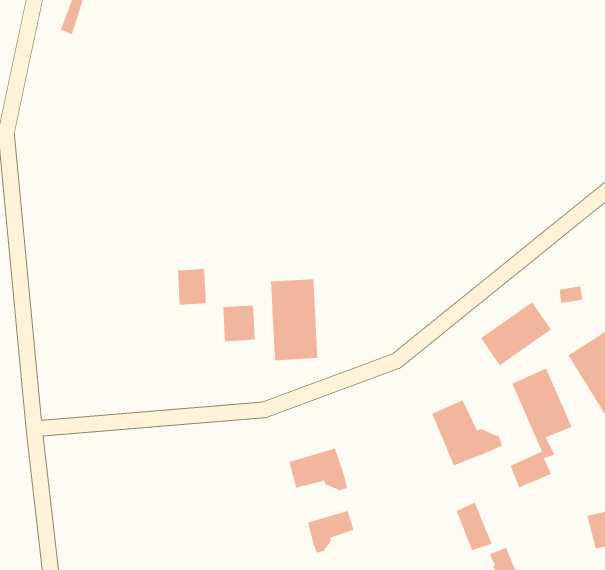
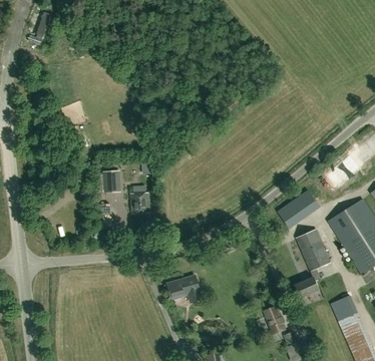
building: [270,278,318,361] -> none
building: [431,399,503,466] -> none
building: [307,510,354,554] -> none

